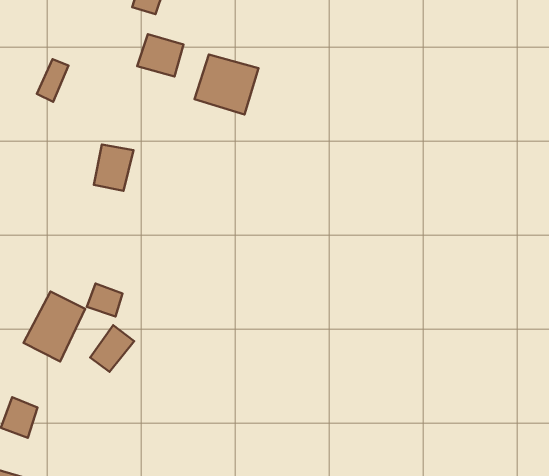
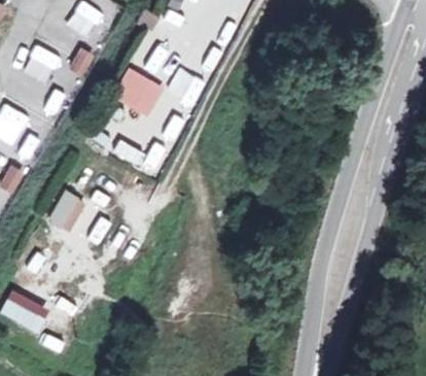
building: none -> [116,72,158,115]

